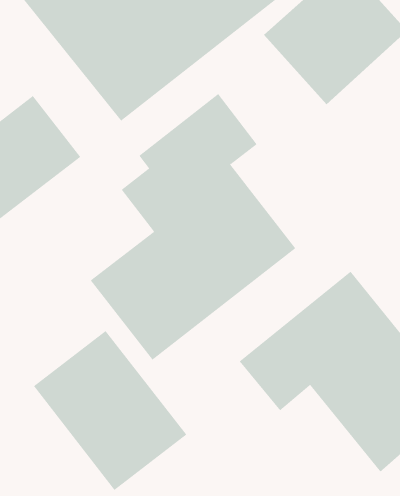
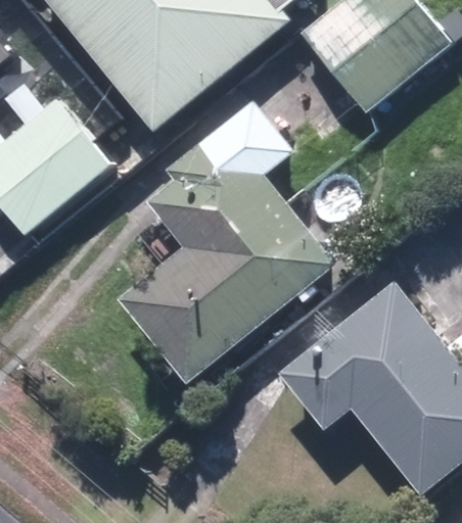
building: [33,330,187,491] -> none

